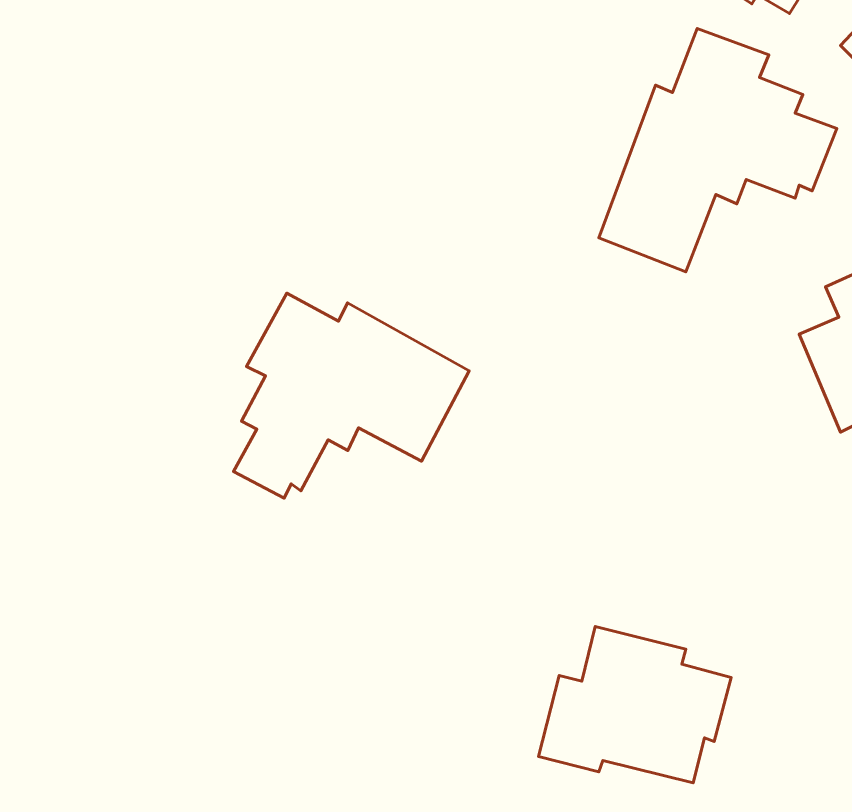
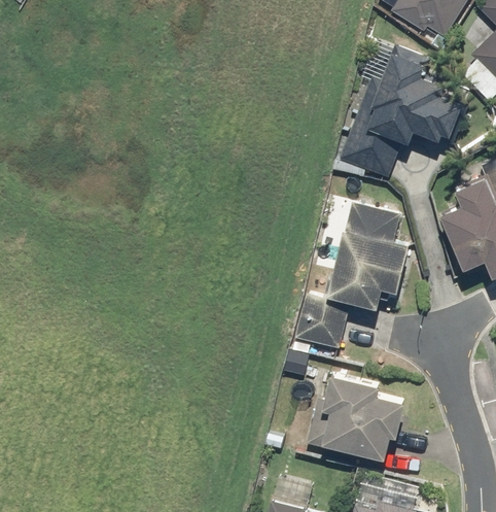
building: [233,293,469,498] -> none
building: none -> [292,206,414,350]

